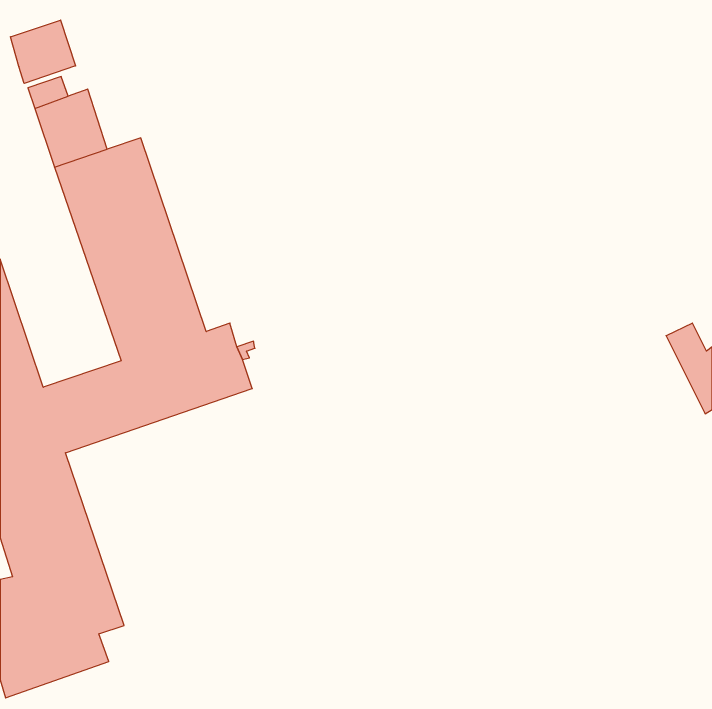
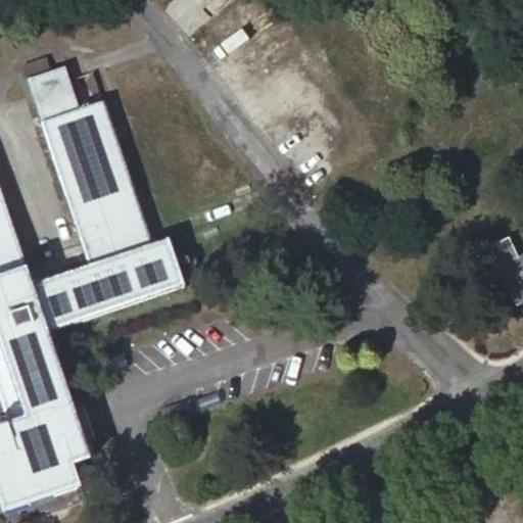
building: [10,20,76,83] -> none

